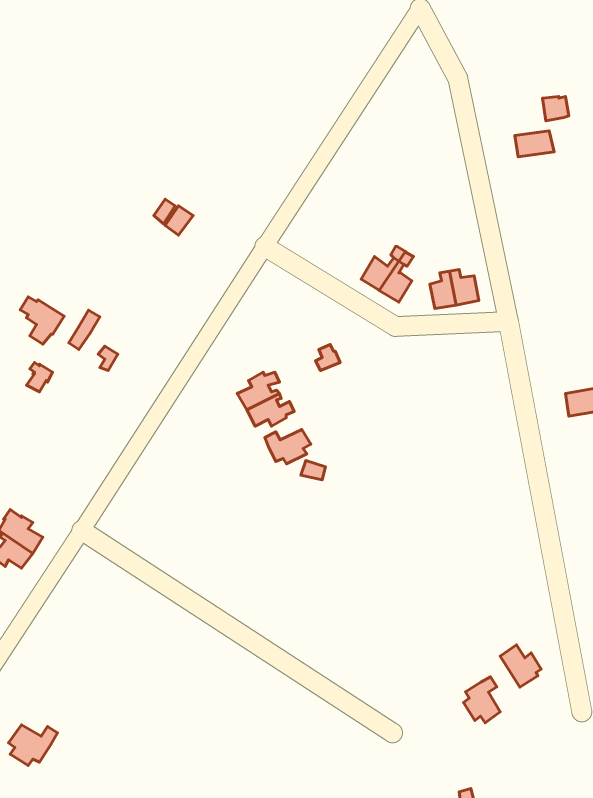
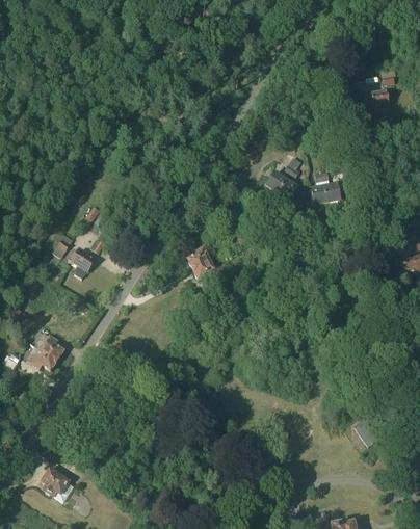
building: [20,297,64,344] -> [68,247,96,277]
building: [265,430,311,464] -> none
building: [464,677,500,723] -> none

